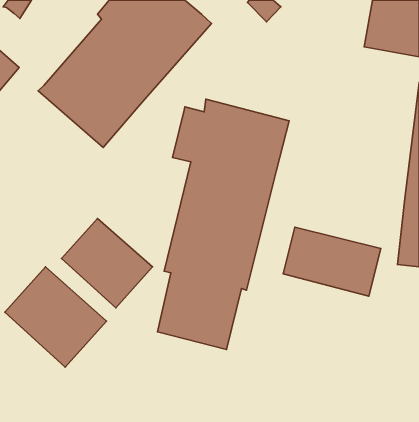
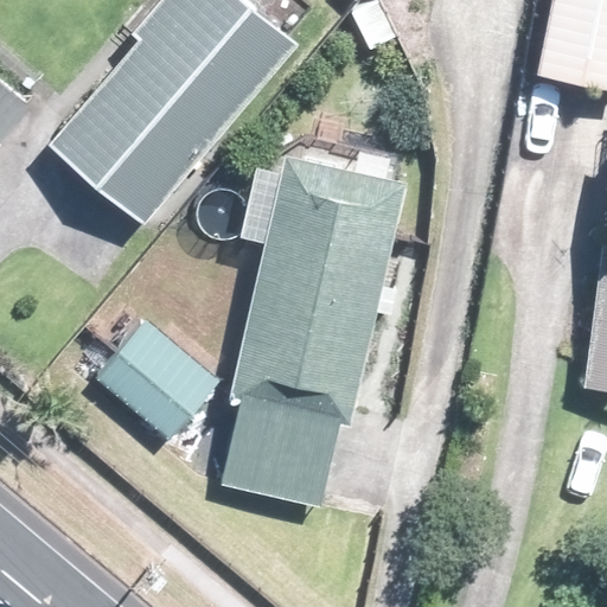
building: [283,227,381,296] -> none
building: [5,267,106,367] -> none

